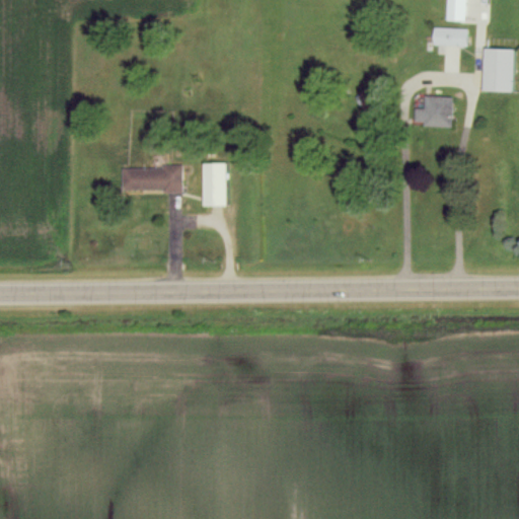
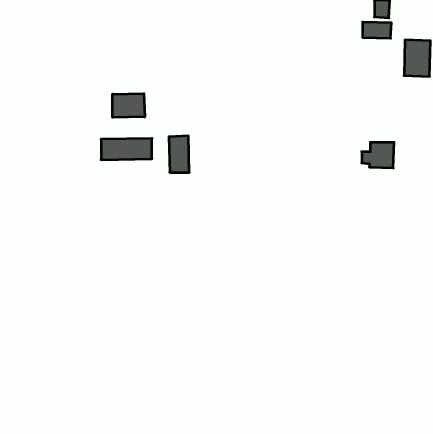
building: [415,96,453,127] -> [362,142,394,168]
building: none -> [113,94,145,117]

